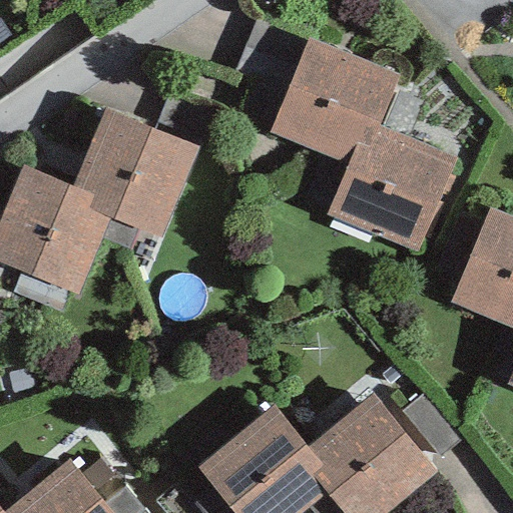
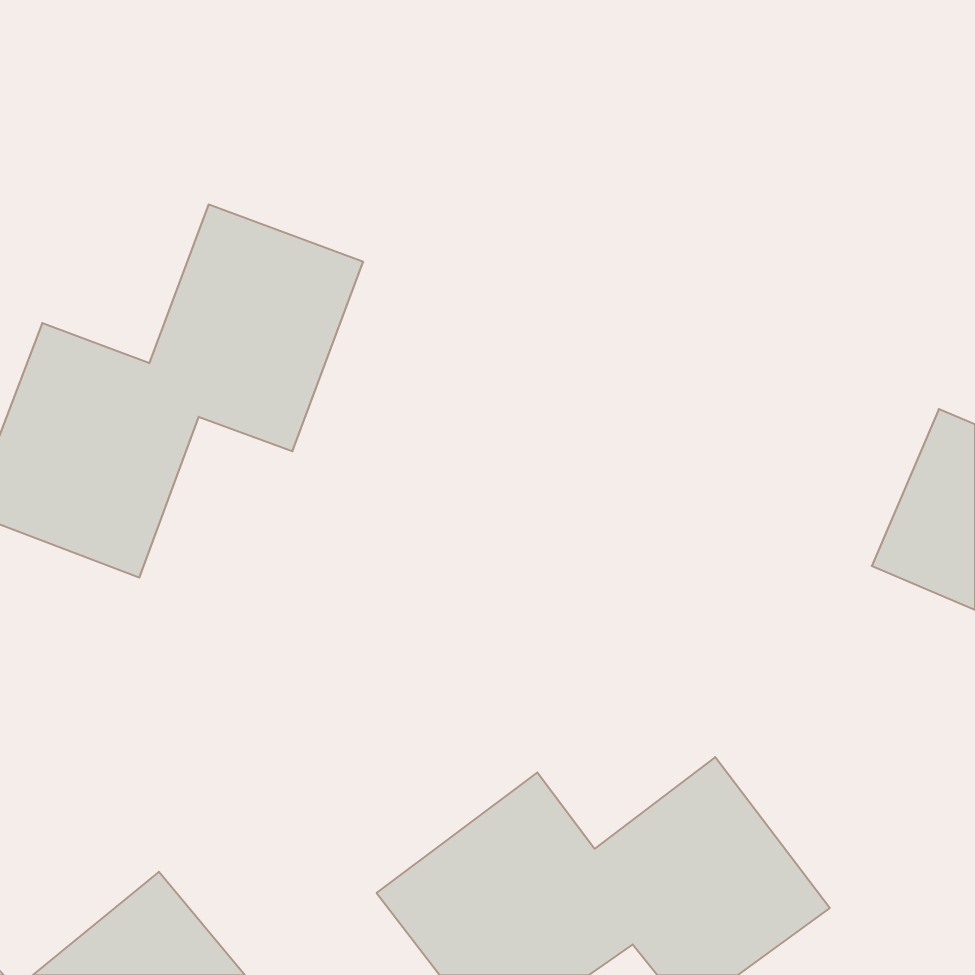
building: [279,41,459,259] -> none

